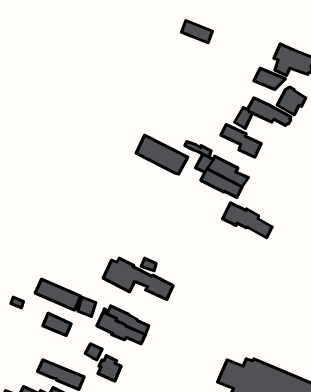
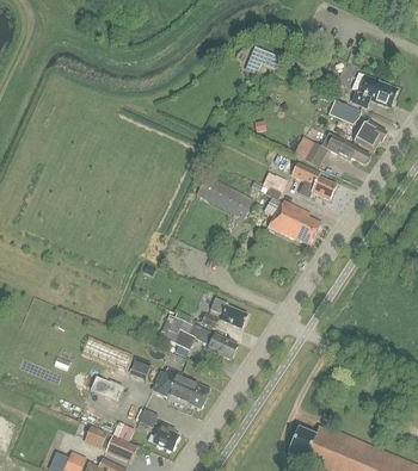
building: [222,203,272,238] -> none
building: none -> [210,297,247,328]

